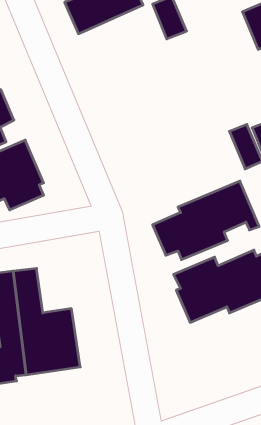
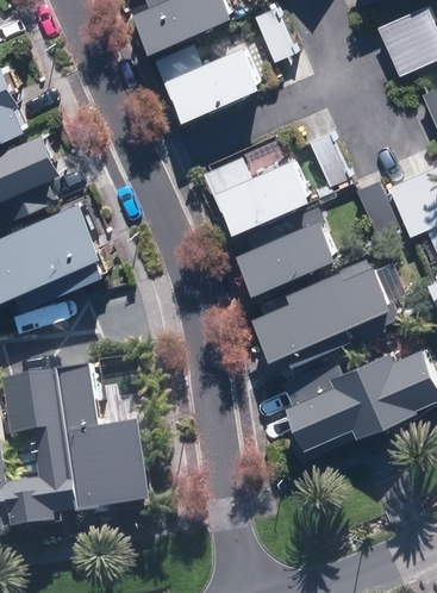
building: none -> [152,44,262,124]
building: none -> [202,107,354,235]
building: none -> [236,219,336,296]

